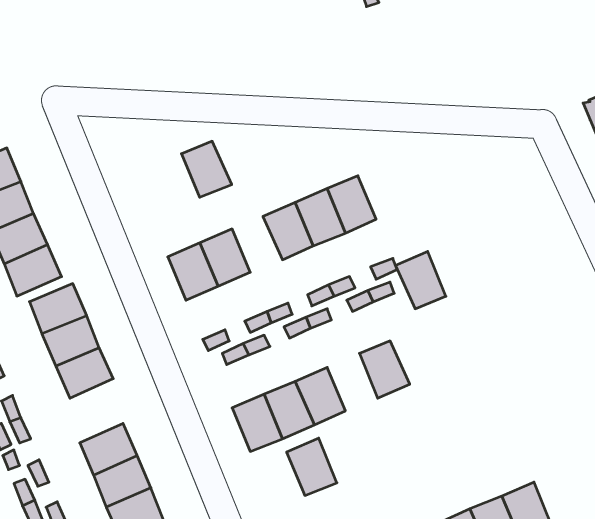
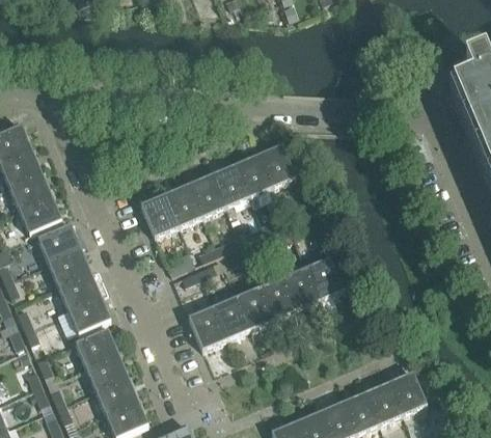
building: [181,141,232,197] -> [189,175,226,217]
building: [396,251,446,309] -> [306,257,344,300]
building: none -> [69,296,111,334]
building: [287,438,337,495] -> [260,277,297,320]

